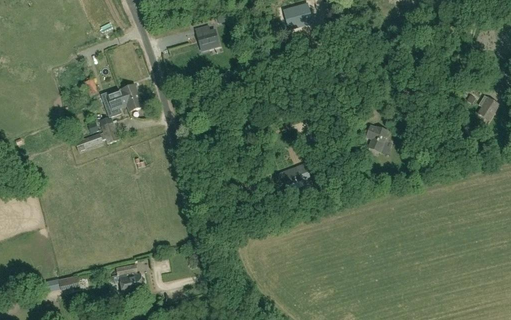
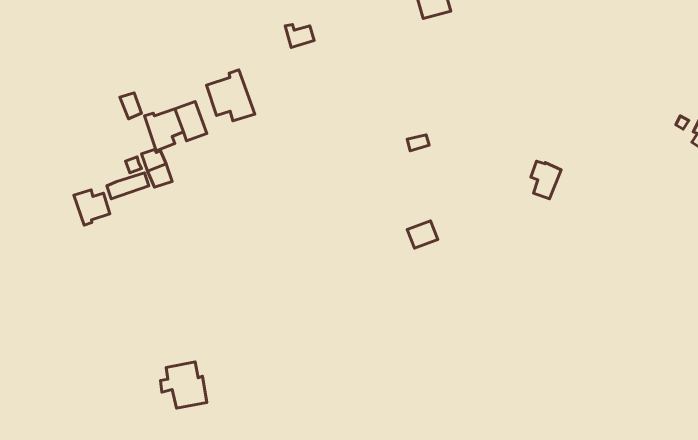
building: none -> [207,70,255,121]
building: none -> [74,190,110,225]

